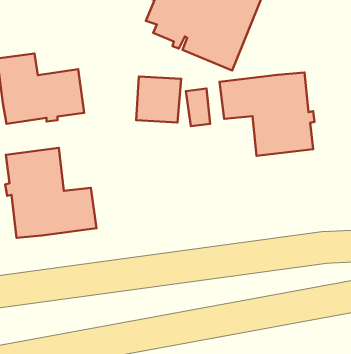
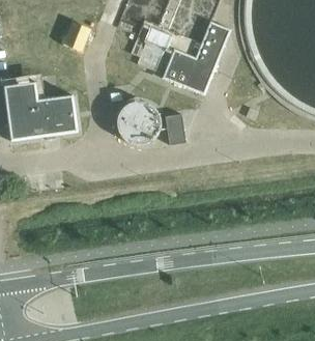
building: [219,73,315,156] -> none
building: [5,148,96,238] -> none

